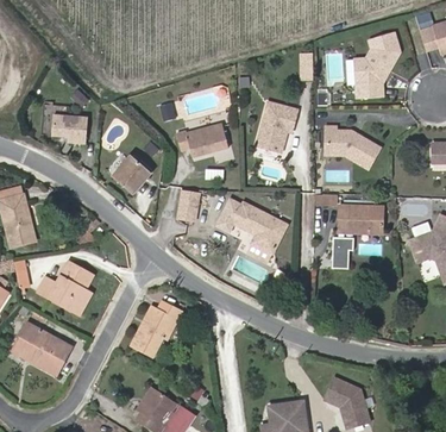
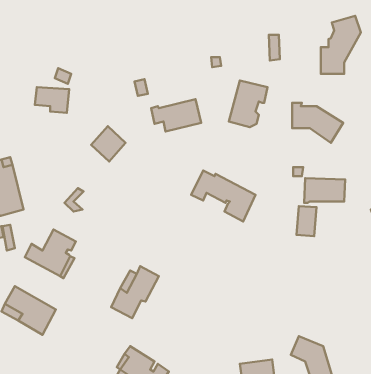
building: [180,192,200,223] -> none

